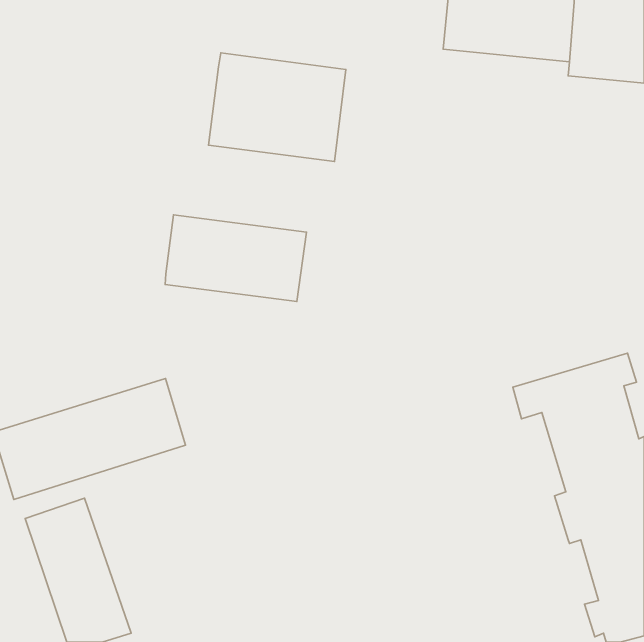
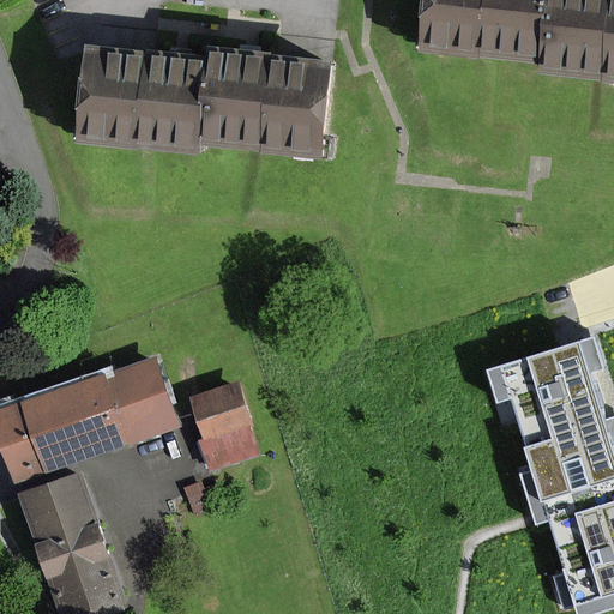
building: none -> [72,48,207,152]
building: [165,215,307,301] -> none
building: none -> [192,381,255,464]

